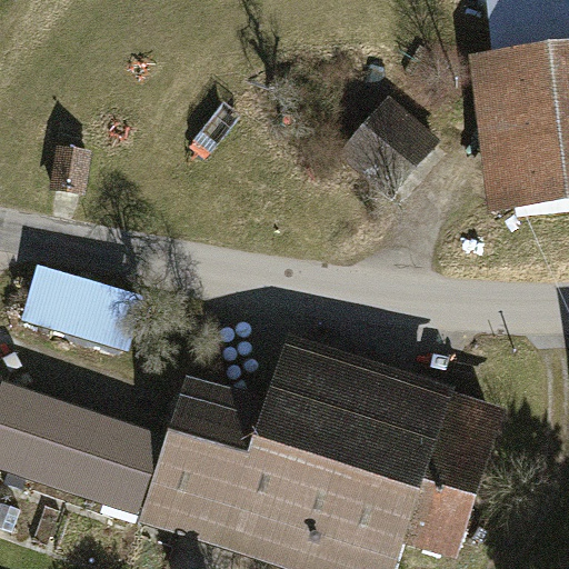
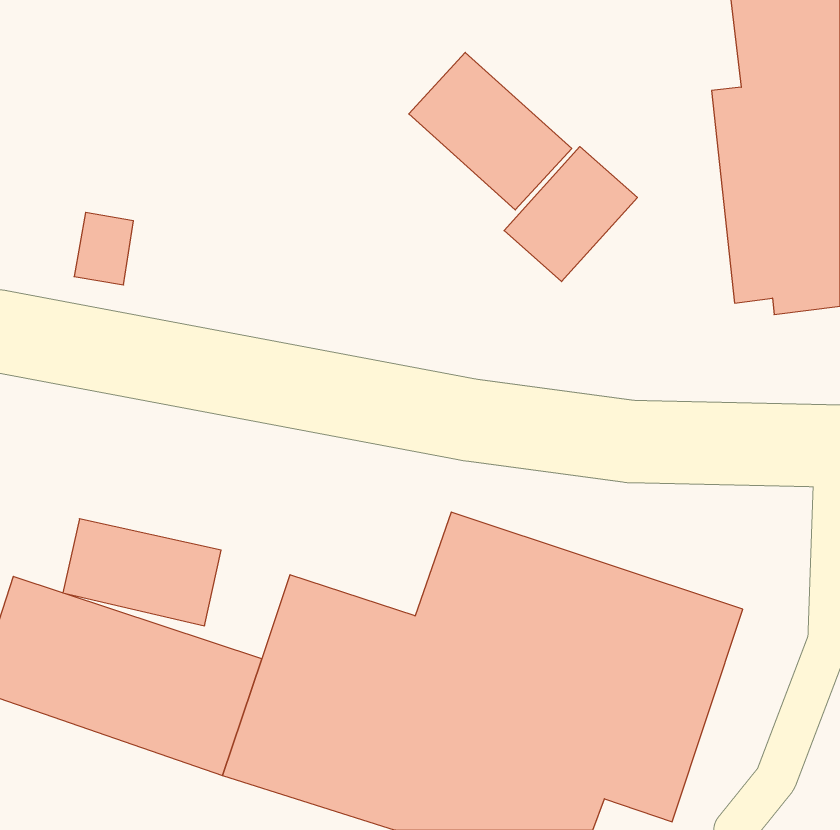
building: none -> [409,52,572,210]
building: [26,270,132,342] -> [63,519,221,626]

